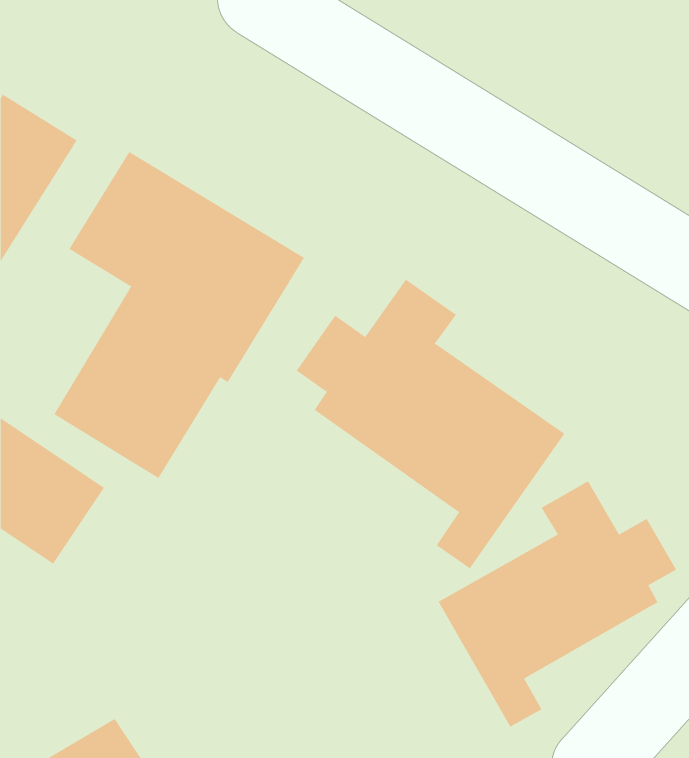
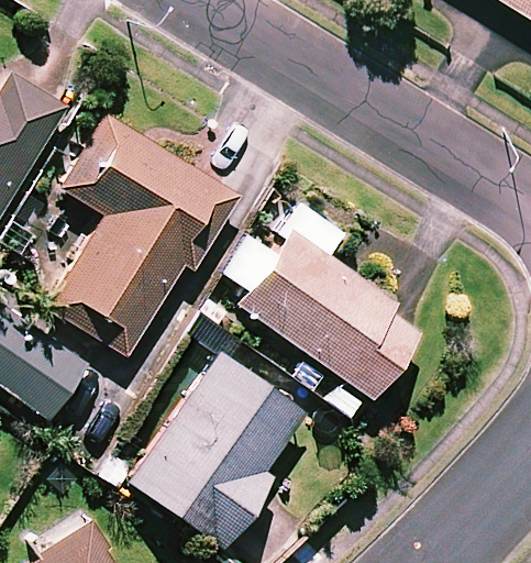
building: none -> [131,353,306,545]
building: [438,481,677,727] -> none

